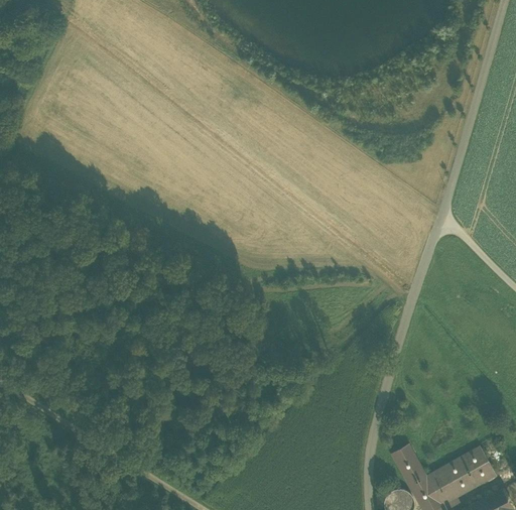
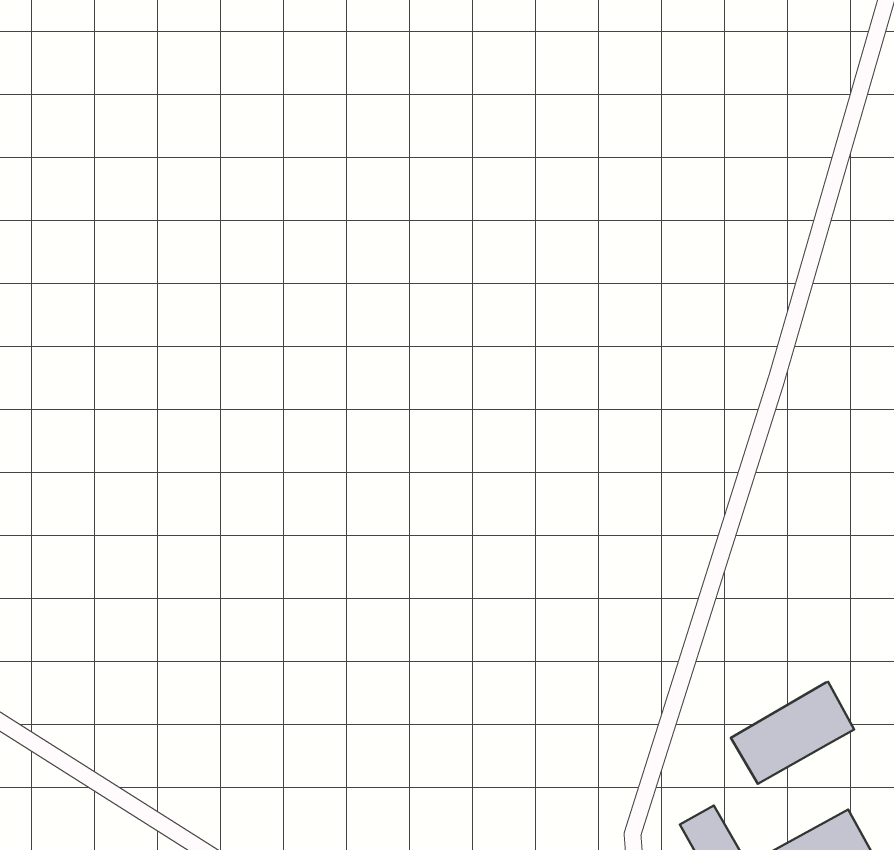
building: none -> [731,682,854,784]

